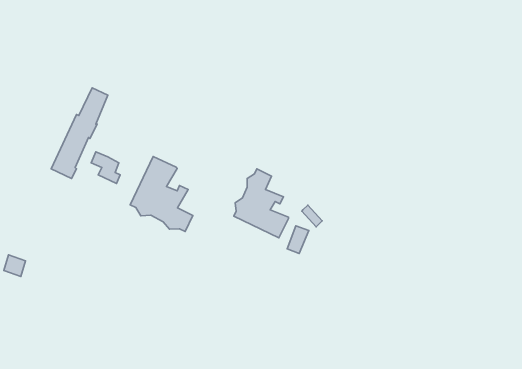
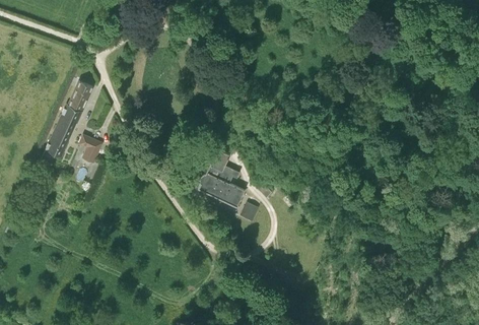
building: [130,157,193,231] -> none

